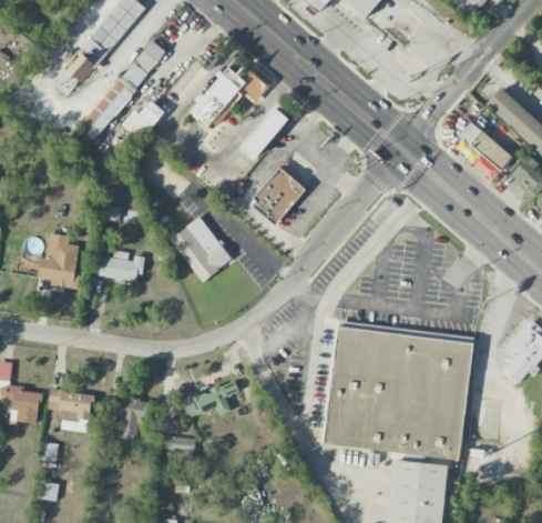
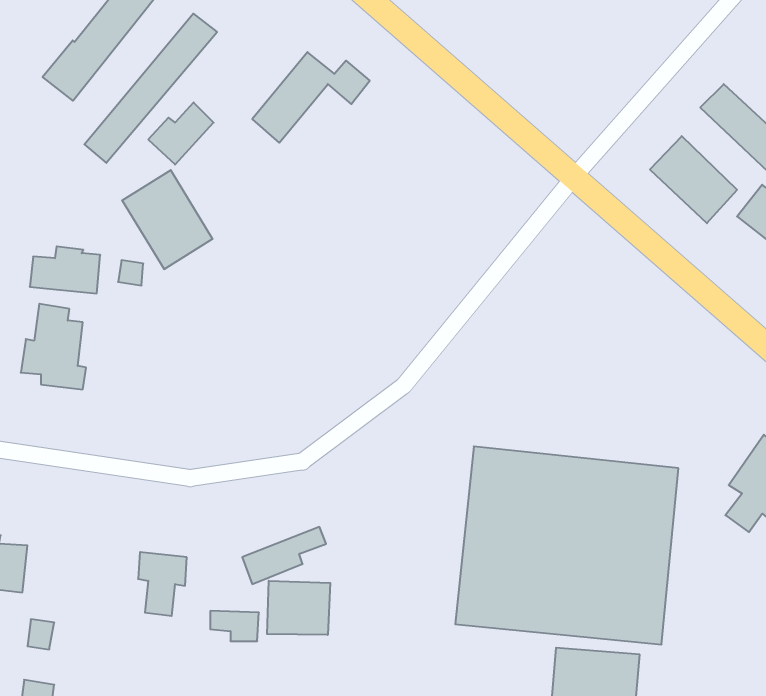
building: [244,108,289,155] -> none
building: [249,163,309,225] -> none
building: [172,215,232,281] -> [122,170,213,269]
building: [96,250,143,281] -> [30,246,100,293]
building: [49,389,93,431] -> none
building: none -> [267,581,330,635]

